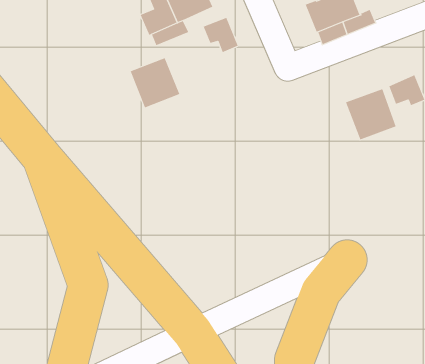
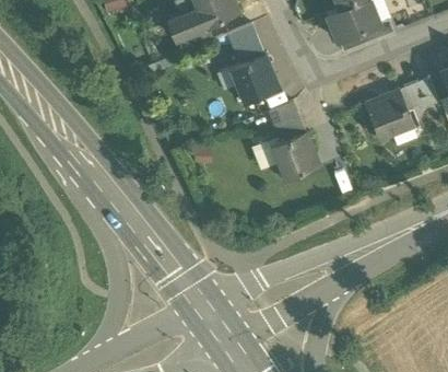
building: [130,57,180,108] -> [232,57,280,105]
building: none -> [271,98,303,130]
building: none -> [272,131,319,178]

